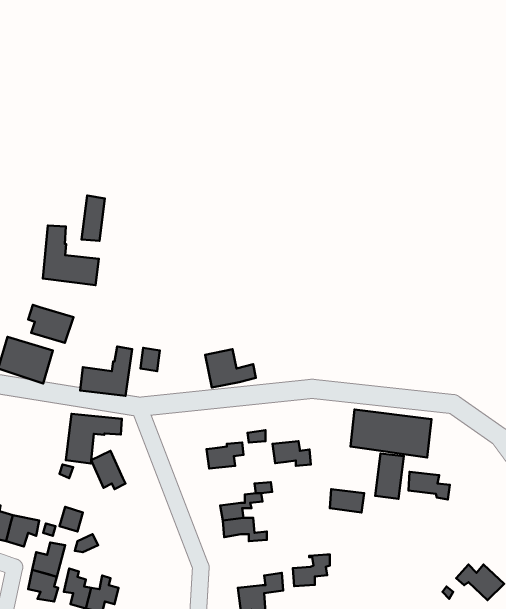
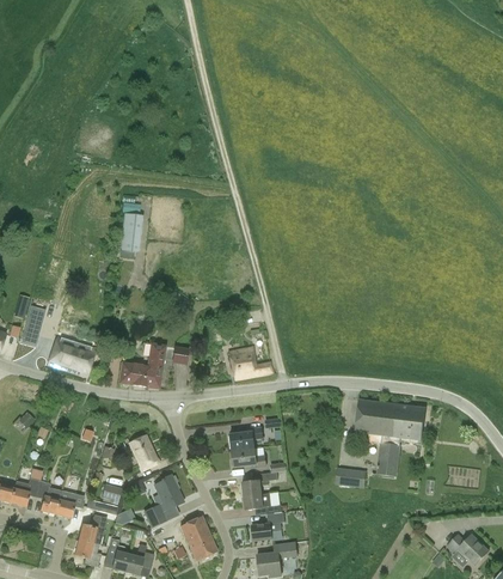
building: [43,225,99,285] -> none
building: [28,305,74,343] -> none
building: [66,414,122,463] -> none
building: [272,441,311,466] -> [232,447,265,469]
building: [408,472,450,499] -> none
building: none -> [145,474,184,526]
building: none -> [179,516,217,561]
building: [293,555,330,586] -> [252,512,284,540]

